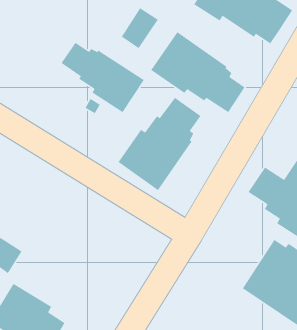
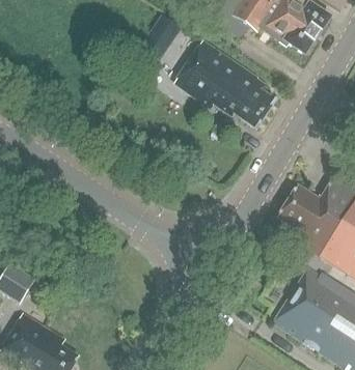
building: [60,42,145,113] -> none
building: [117,97,201,191] -> none

